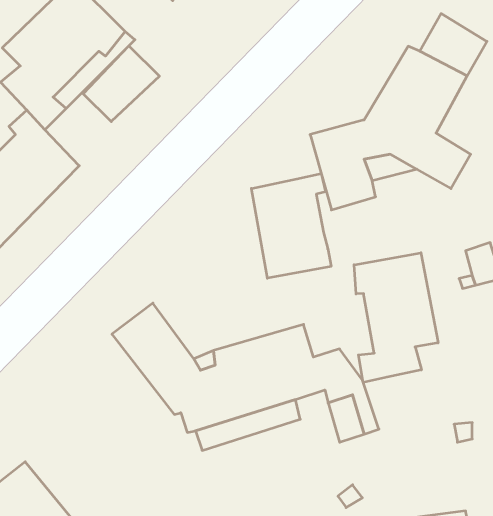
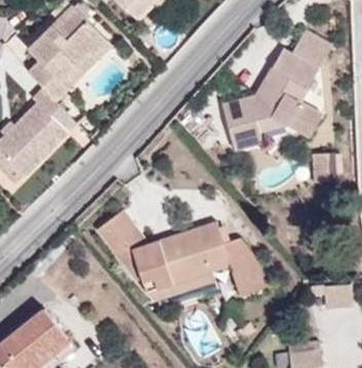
building: [83,46,159,122] -> none
building: [251,174,331,278] -> none
building: [354,253,438,382] -> none

